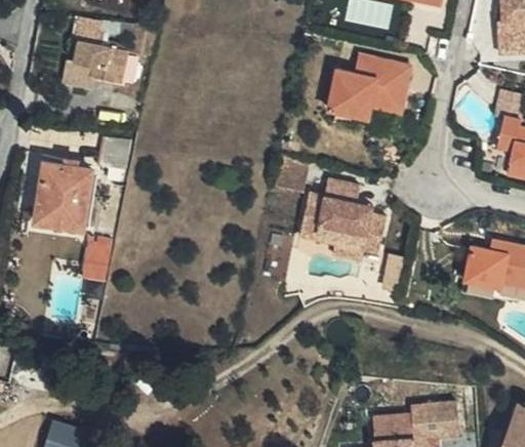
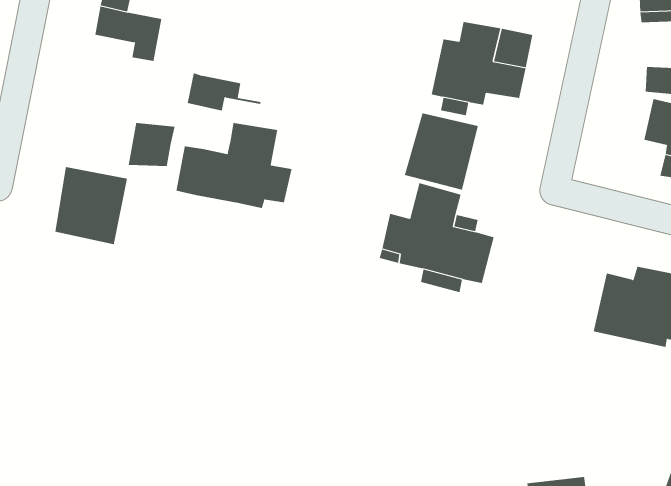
building: [63,60,120,90] -> [187,73,261,111]
building: none -> [404,113,478,191]
building: none -> [176,122,292,209]
building: [84,232,115,278] -> none

